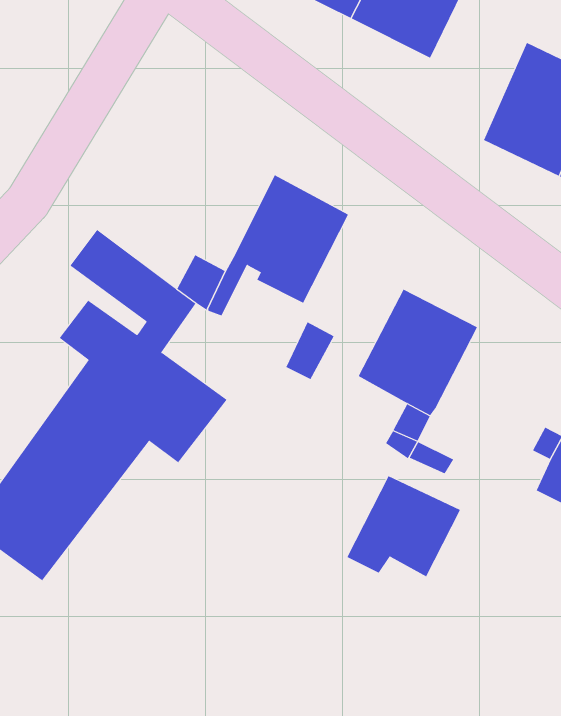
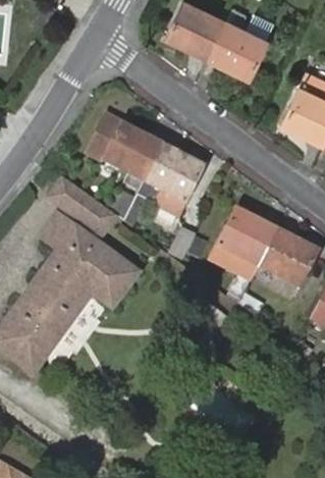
building: none -> [86,114,163,189]
building: [347,475,461,577] -> [254,229,318,286]

